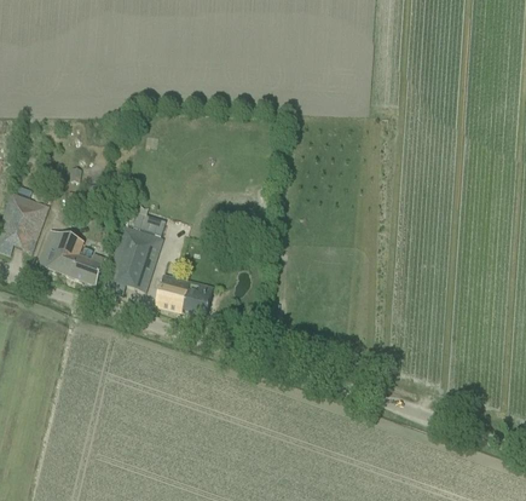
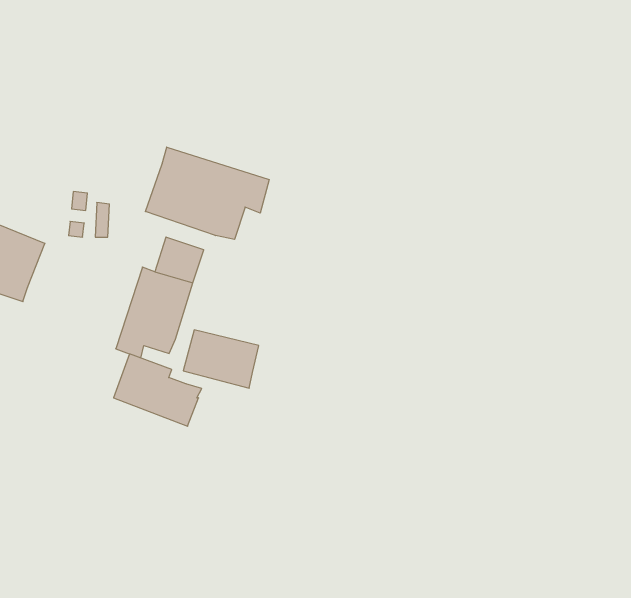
building: none -> [145,147,269,239]
building: [39,229,106,284] -> [114,354,202,426]

